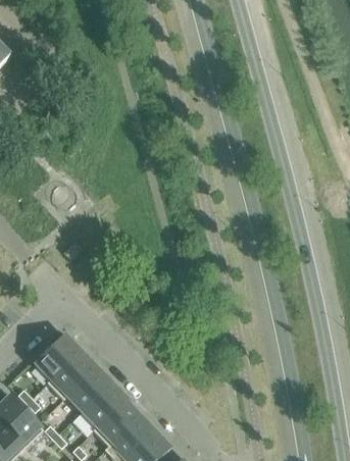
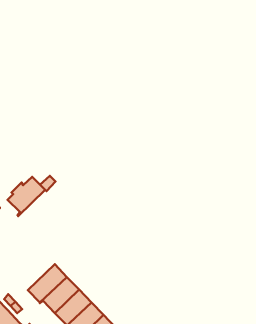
building: [33,332,80,381] -> [8,177,45,216]

